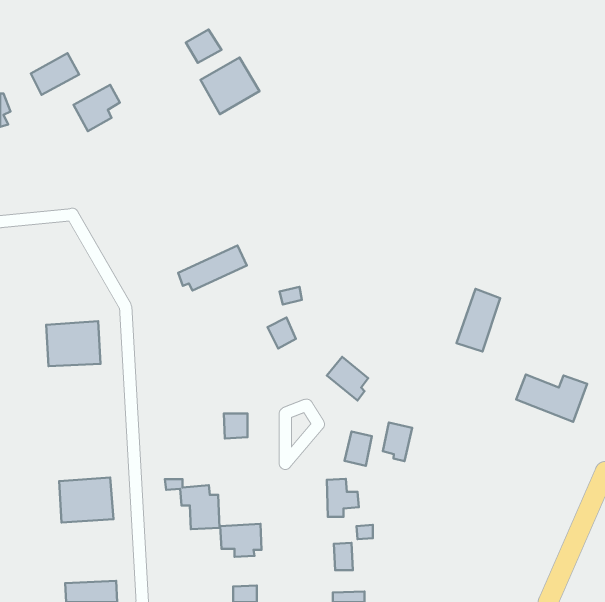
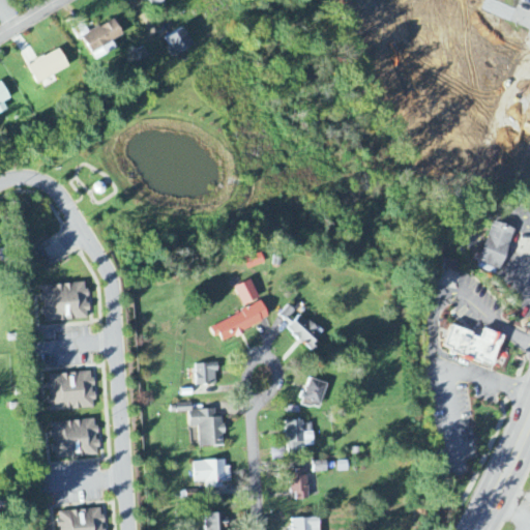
building: [201,57,260,114] -> none
building: [74,85,120,131] -> [82,18,122,58]
building: [178,245,247,290] -> [210,300,270,340]
building: [456,289,500,352] -> [476,219,514,274]
building: [383,423,412,461] -> none
building: none -> [49,371,94,409]
building: [165,479,219,529] -> [176,402,224,445]

